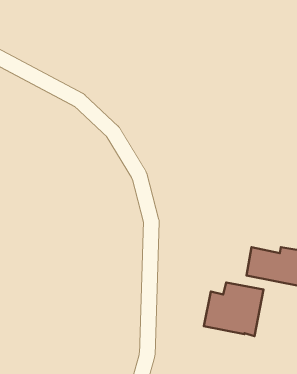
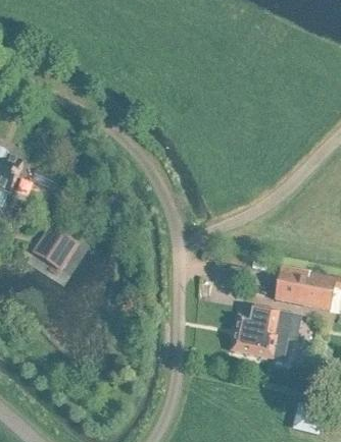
building: none -> [37,229,76,268]

